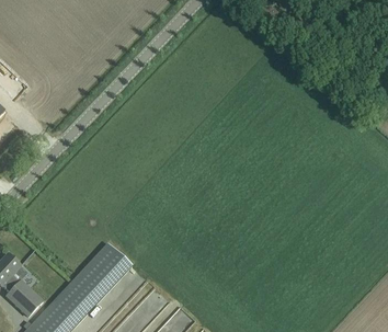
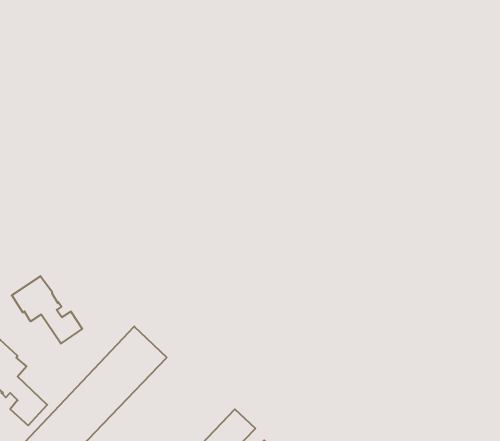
building: none -> [12,276,82,344]

